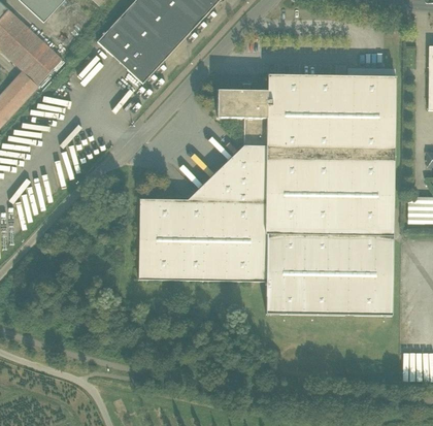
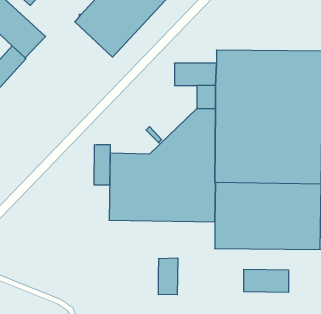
building: none -> [94,145,110,185]
building: none -> [158,258,178,295]
building: none -> [244,269,289,292]

